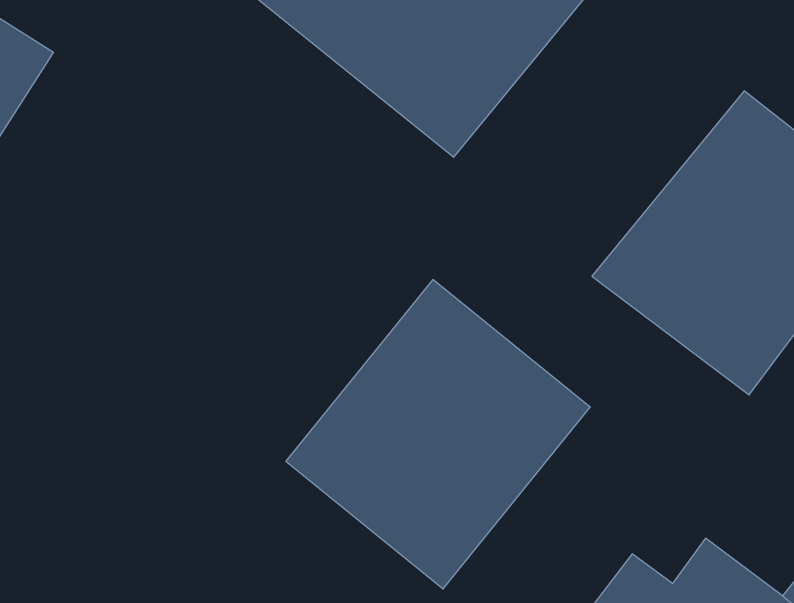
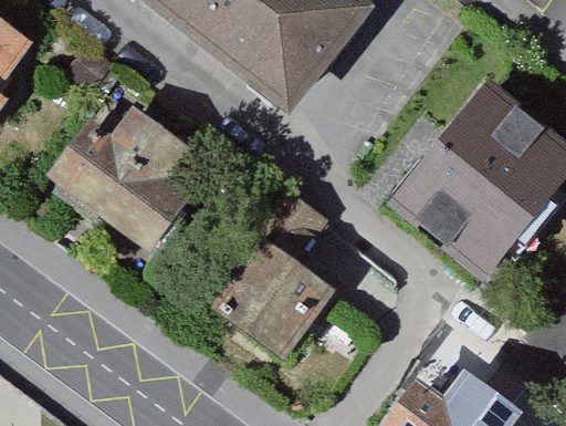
building: none -> [55,111,205,263]

